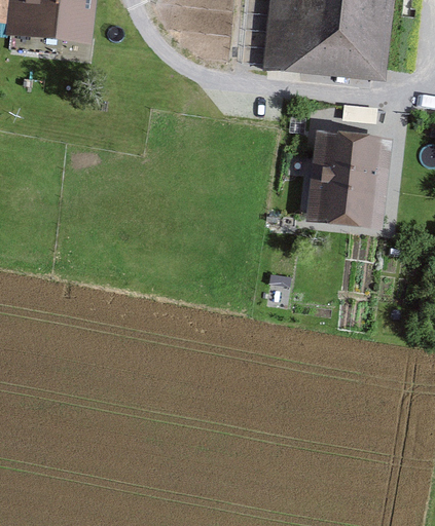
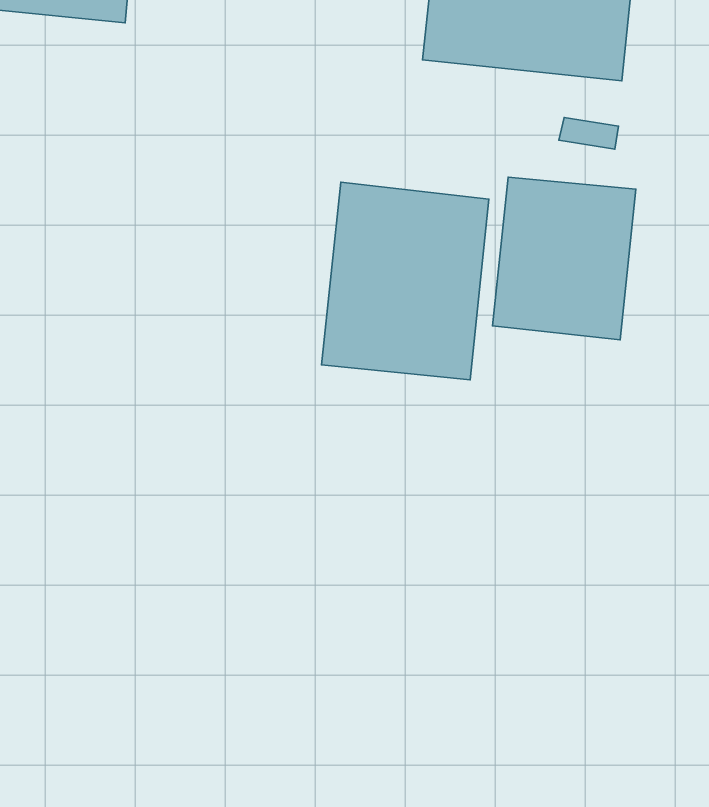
building: none -> [322,182,489,380]

